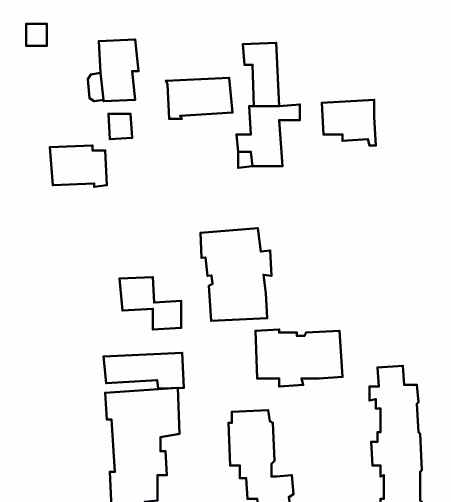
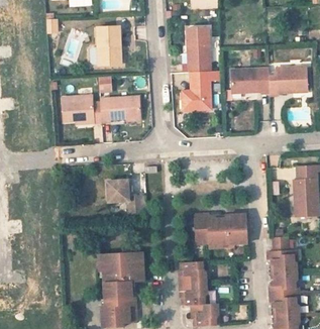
building: [166,78,232,119] -> [96,95,138,121]
building: none -> [269,70,308,97]
building: [200,228,271,321] -> none
building: none -> [289,164,313,214]
building: [103,353,184,388] -> none

